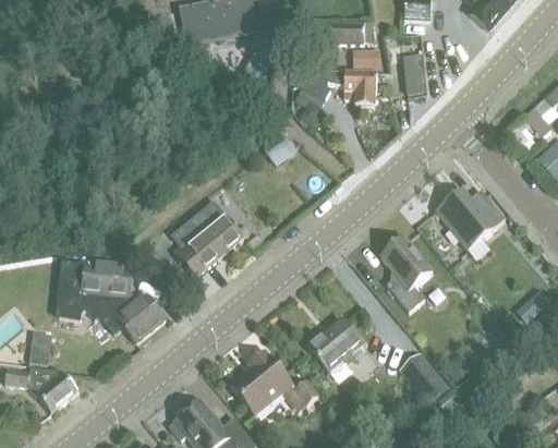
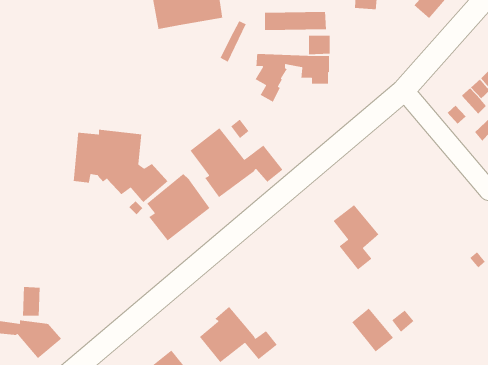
building: [405,47,425,90] -> none
building: none -> [189,127,284,198]
building: [436,189,504,249] -> none
building: [58,257,165,340] -> [73,129,168,203]
building: [307,318,362,372] -> none

